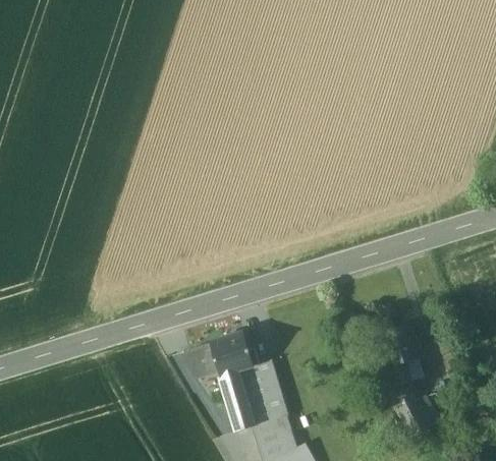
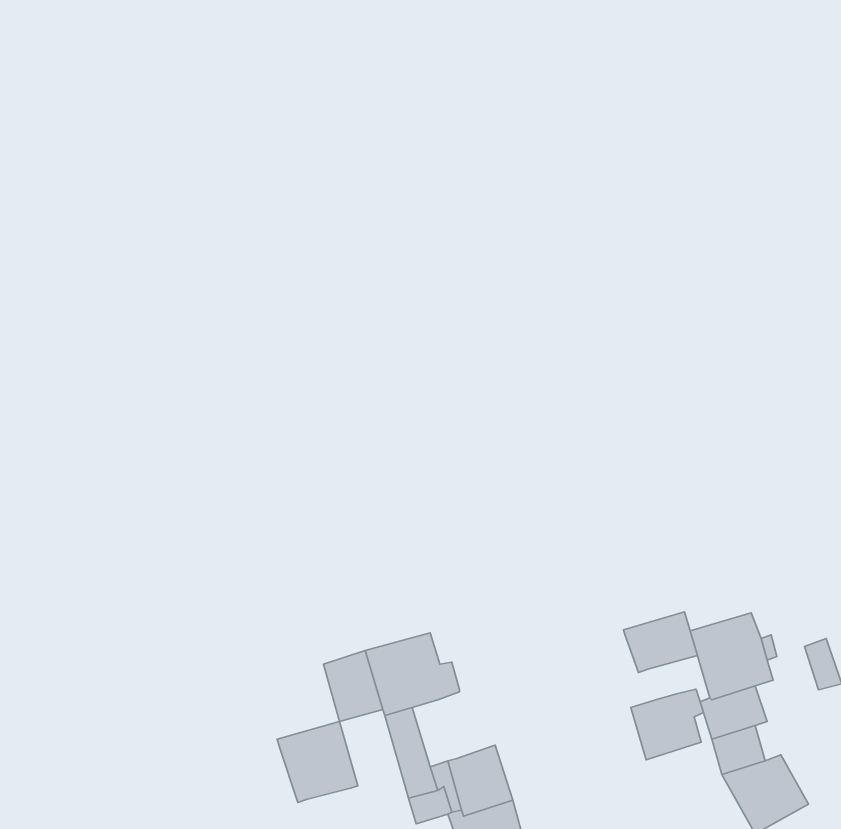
building: none -> [624,612,698,672]
building: [250,361,276,400] -> none
building: none -> [631,689,703,760]
building: none -> [277,721,358,802]

